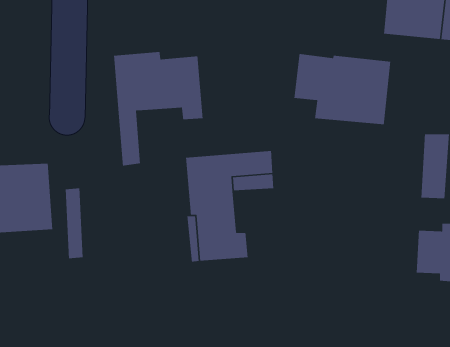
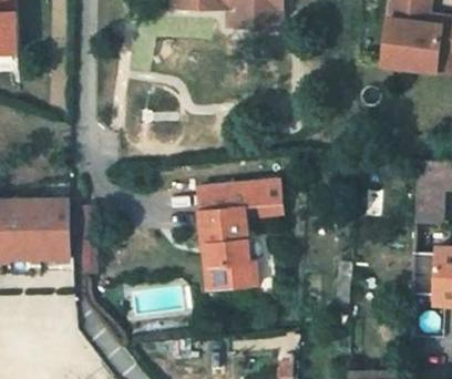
building: [113,51,203,166] -> none
building: [293,53,391,125] -> none

